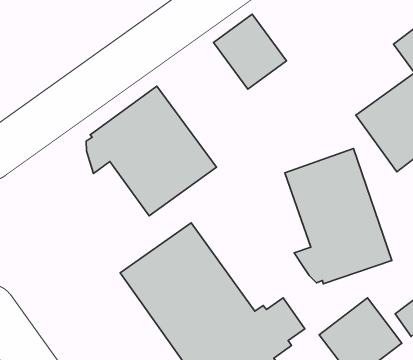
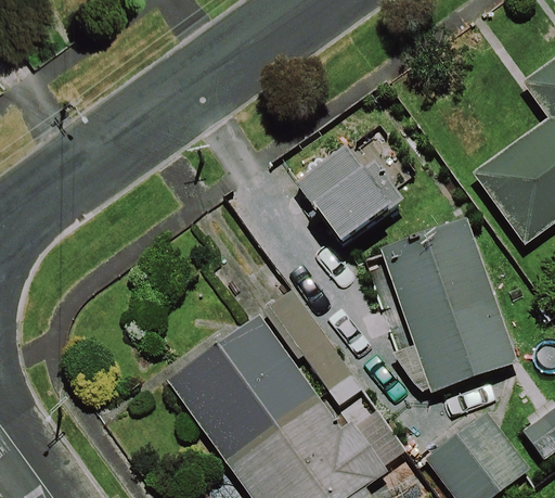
building: [214,14,286,89] -> [298,144,392,242]
building: [86,86,216,216] -> none

